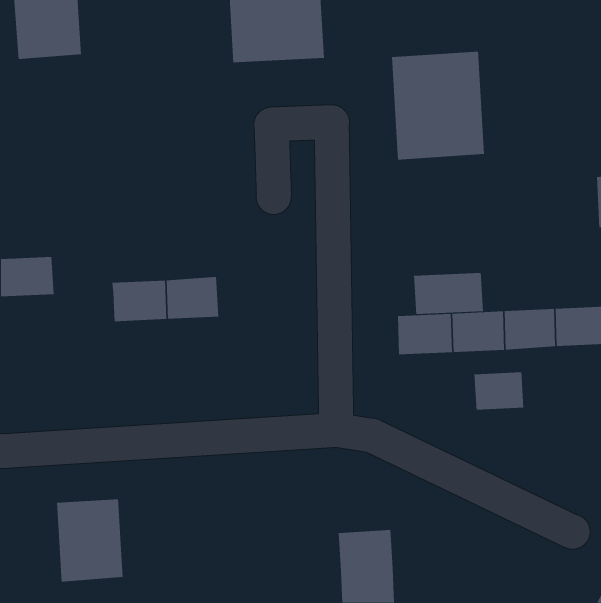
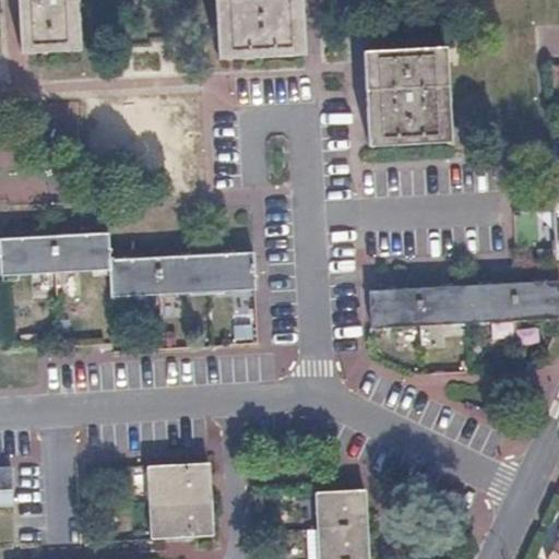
building: none -> [52,233,108,271]
building: [414,272,484,315] -> none
building: none -> [204,252,257,292]
building: [474,372,524,410] -> none
building: [56,499,124,582] -> [147,460,210,536]

